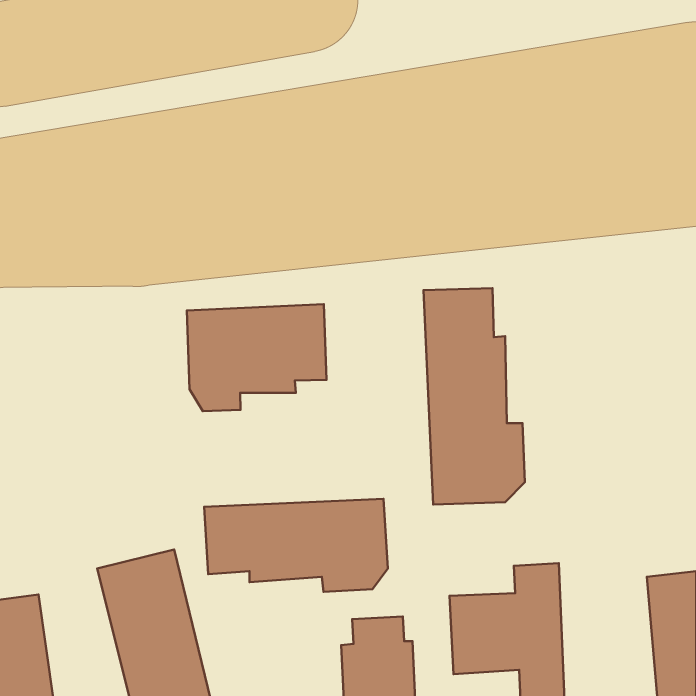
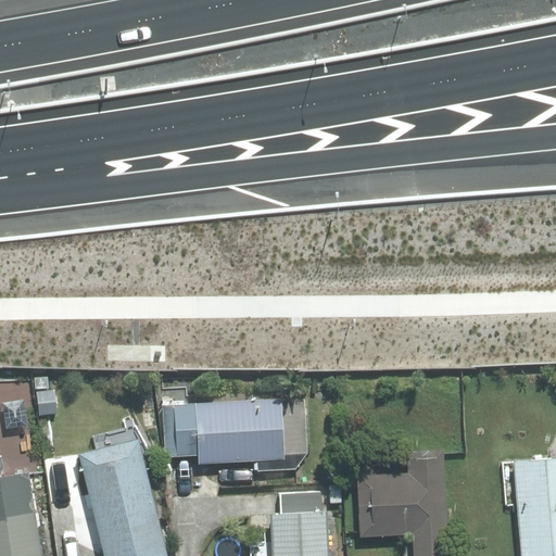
building: [423,288,525,504] -> none
building: [187,304,326,411] -> none

